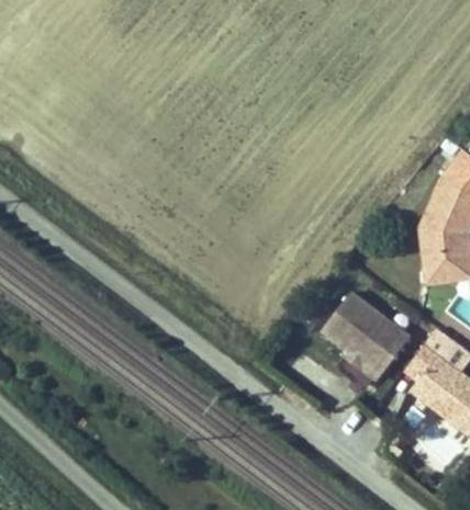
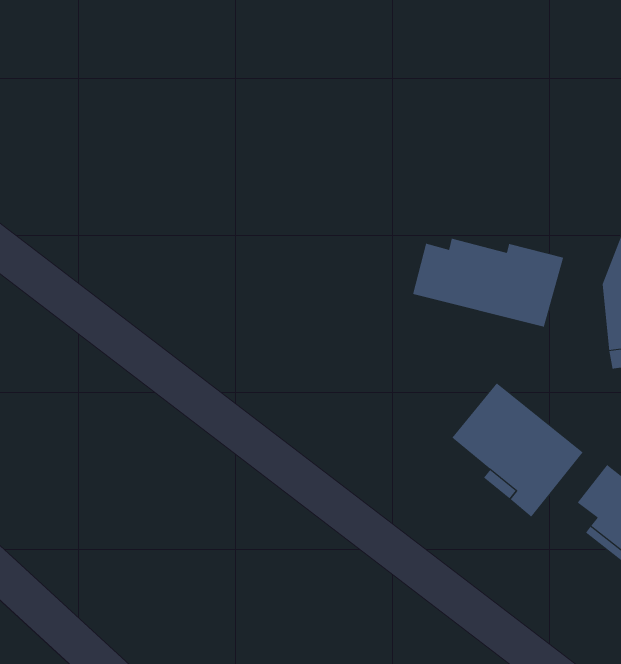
building: none -> [413,238,564,328]

